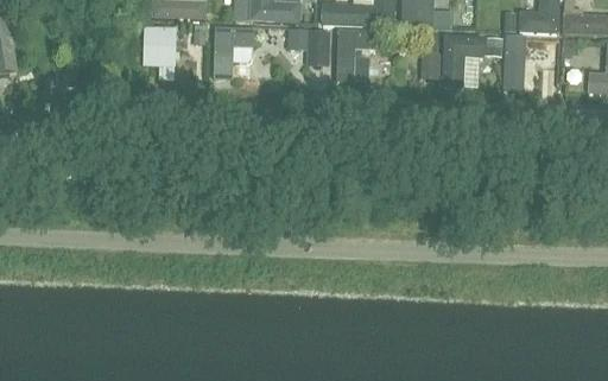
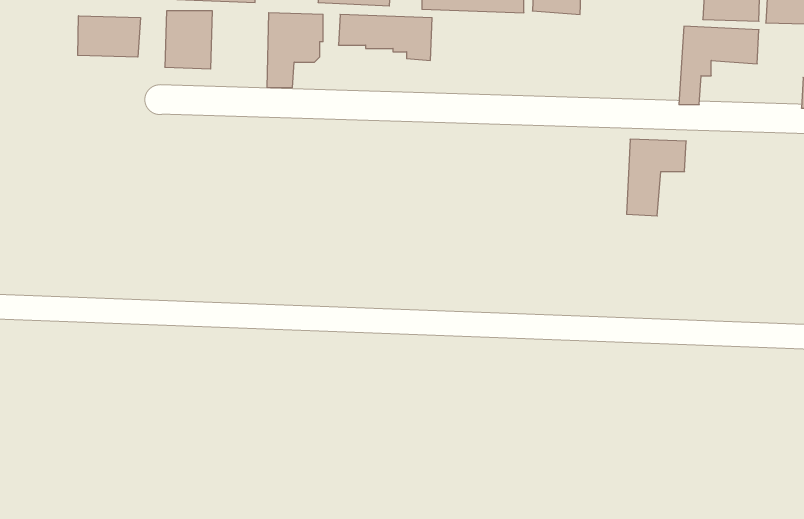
building: [336,26,375,80] -> none
building: none -> [78,16,140,57]
building: [442,33,483,87] -> [627,139,686,216]

